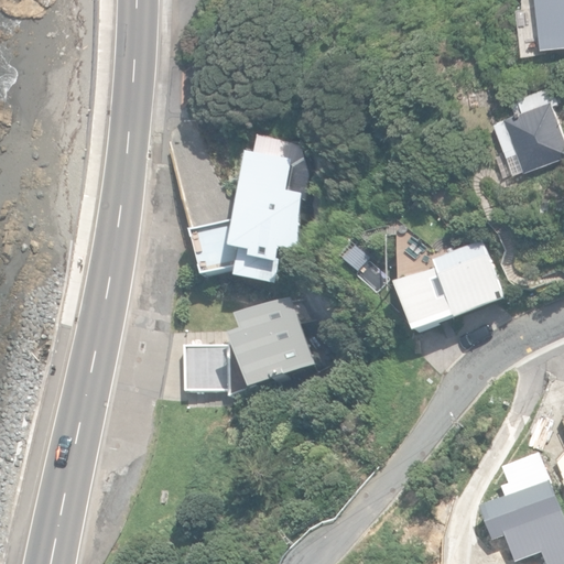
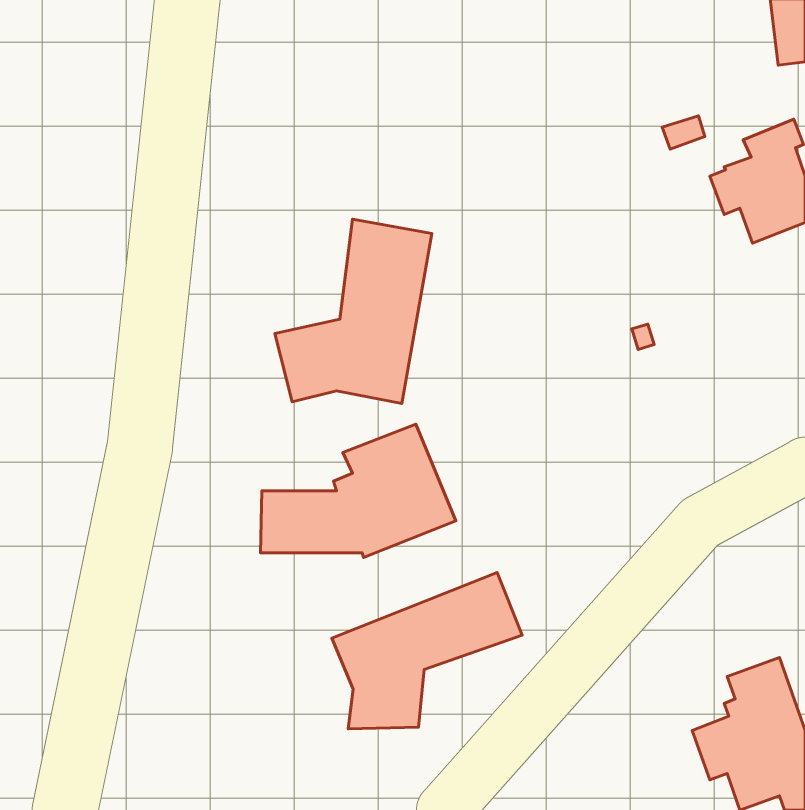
building: [395,241,505,334] -> none
building: none -> [332,573,522,729]

